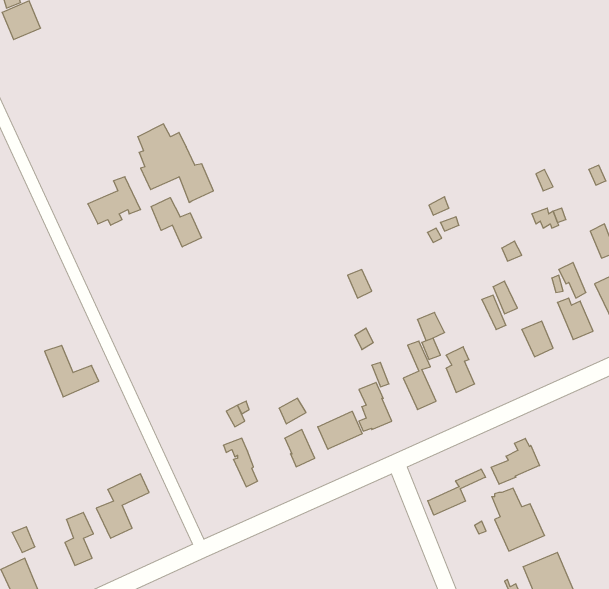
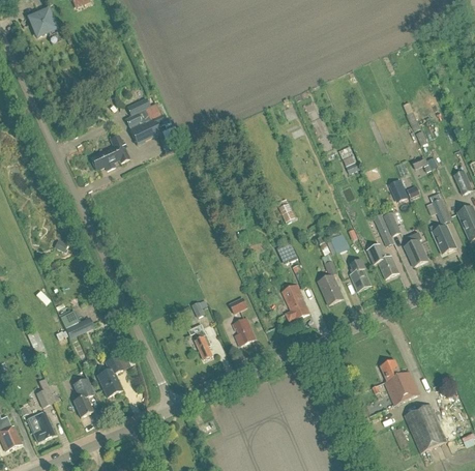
building: [151,198,201,247] -> none
building: none -> [367,243,398,277]
building: [45,345,99,397] -> [55,301,94,338]
building: [318,411,362,449] -> none
building: [491,438,540,484] -> none
building: [428,469,486,515] -> none

